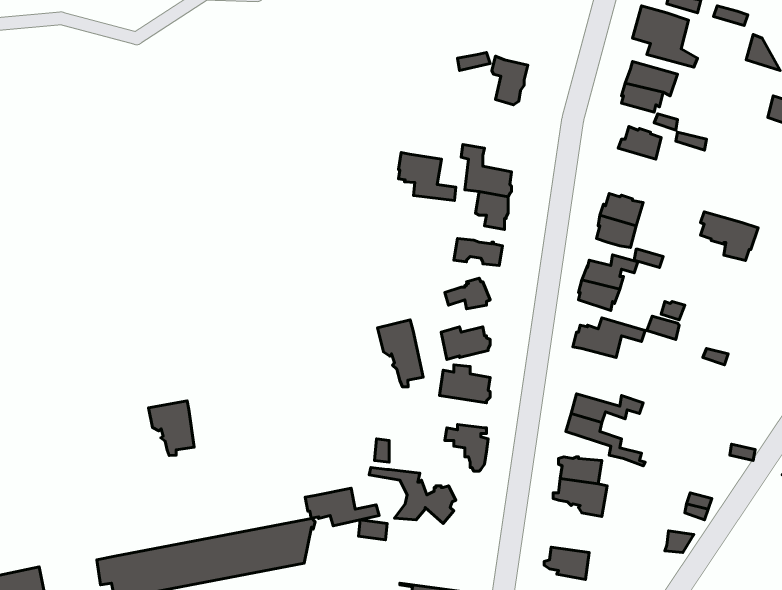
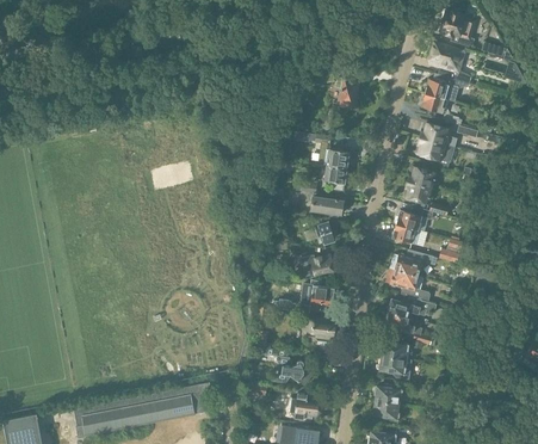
building: [398,152,456,200] -> none
building: [700,212,758,260] -> [418,137,456,169]
building: [378,320,423,387] -> none
building: none -> [391,270,431,302]
building: [149,401,194,456] -> none
building: [305,488,379,526] -> none
building: none -> [373,381,409,405]
building: none -> [290,393,323,419]

